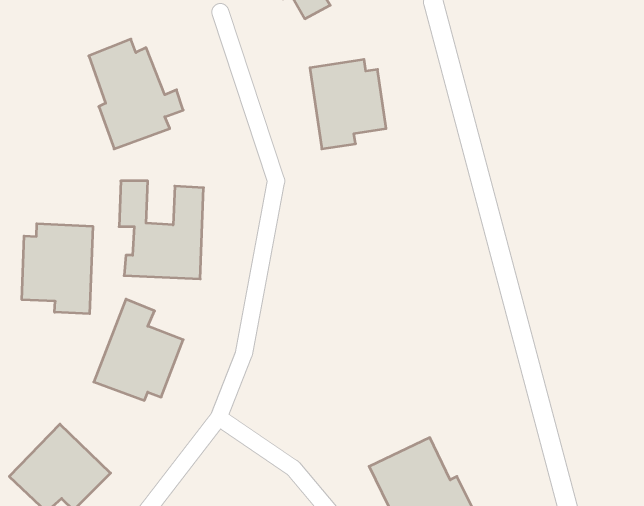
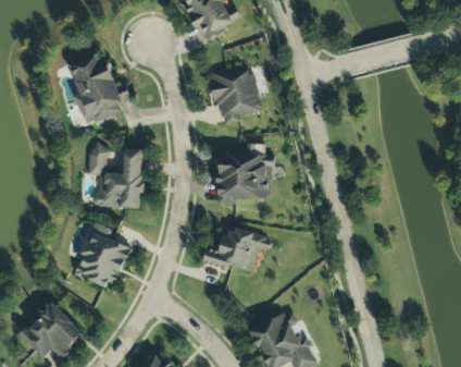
building: none -> [215,154,270,204]
building: [22,224,93,314] -> none
building: none -> [201,225,270,271]

